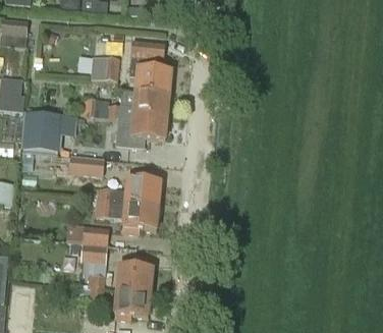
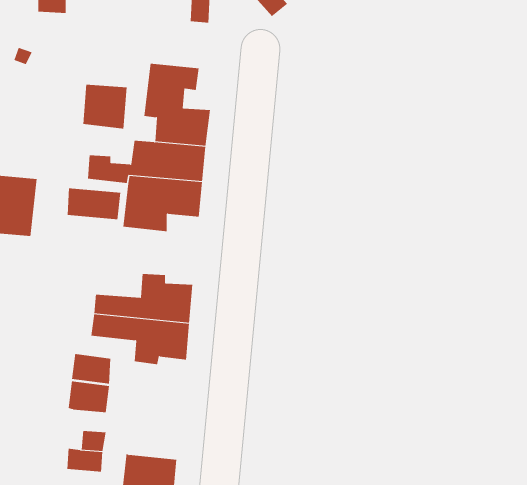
building: [69,156,104,176] -> [67,188,121,220]
building: [117,262,152,293] -> none

